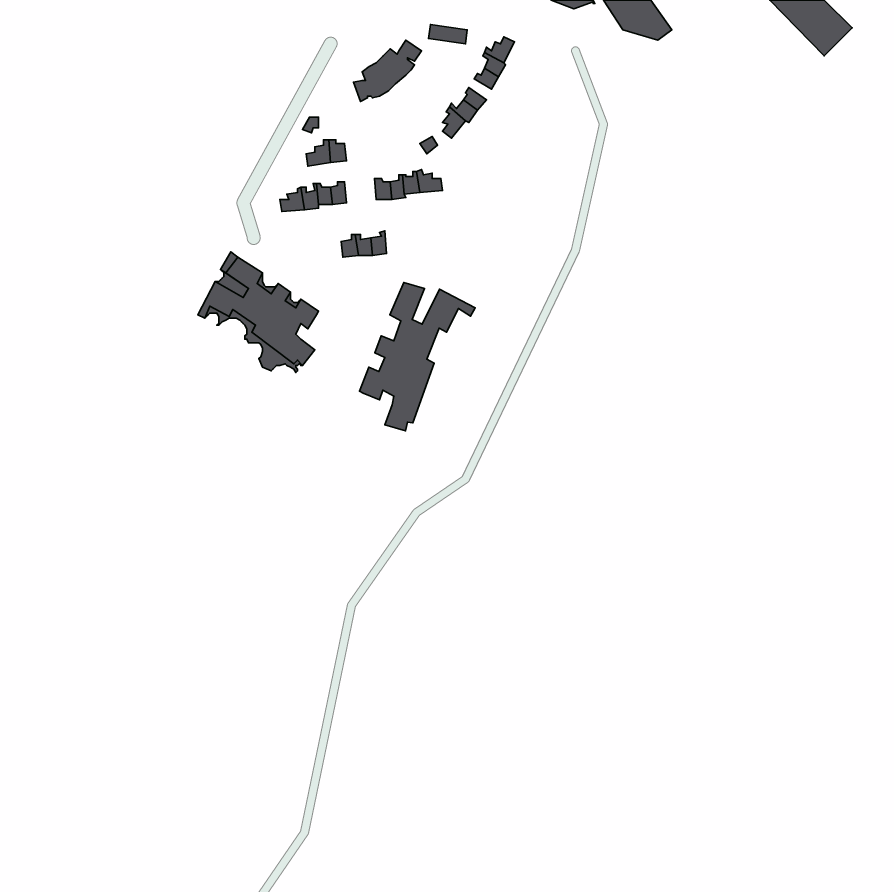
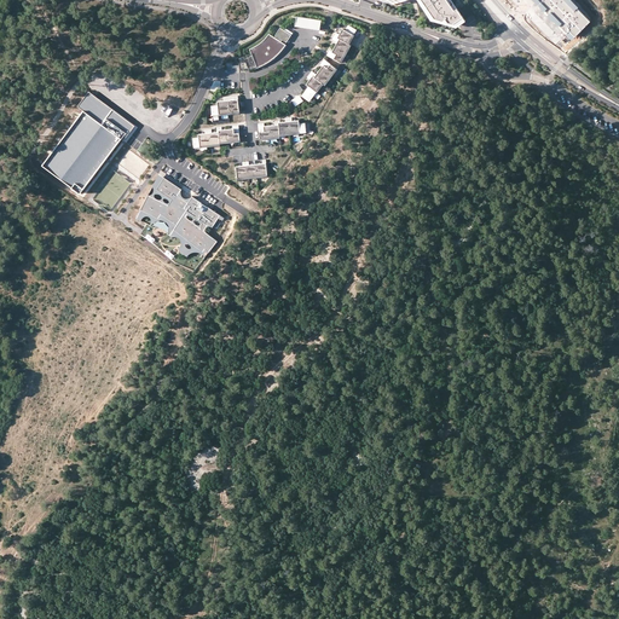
building: none -> [42,91,132,189]
building: [359,282,475,431] -> none

